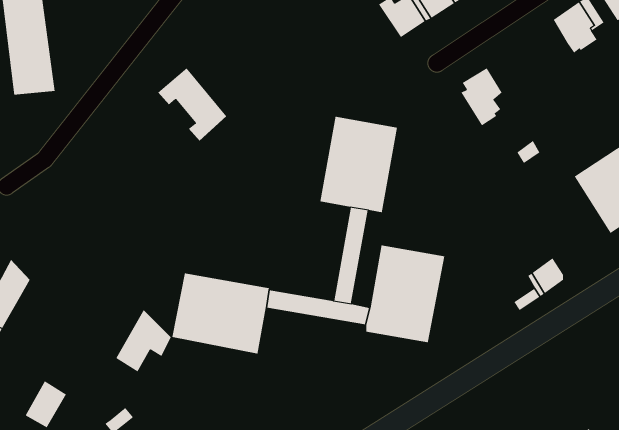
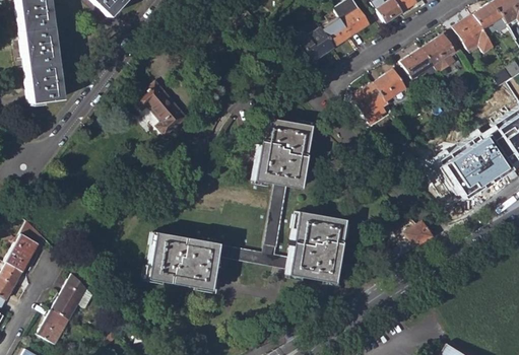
building: none -> [401,48,433,78]
building: none -> [375,69,405,100]
building: [116,309,171,372] -> [53,274,93,320]

